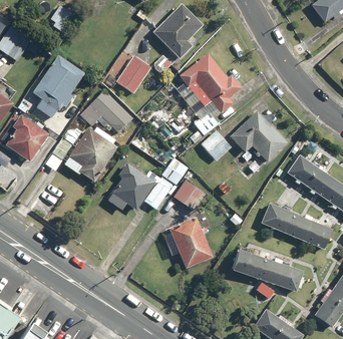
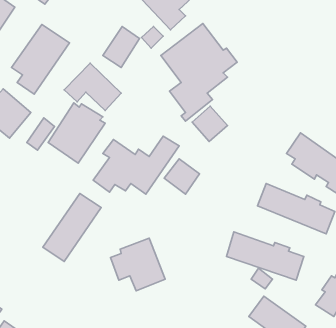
building: [230,109,290,162] -> none
building: none -> [43,193,101,261]
building: [162,218,214,267] -> [110,238,165,291]

